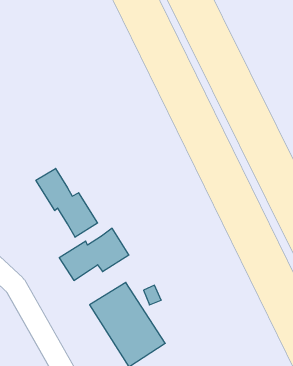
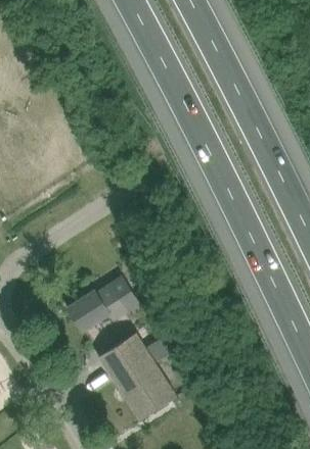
building: [36,168,98,237] -> none

